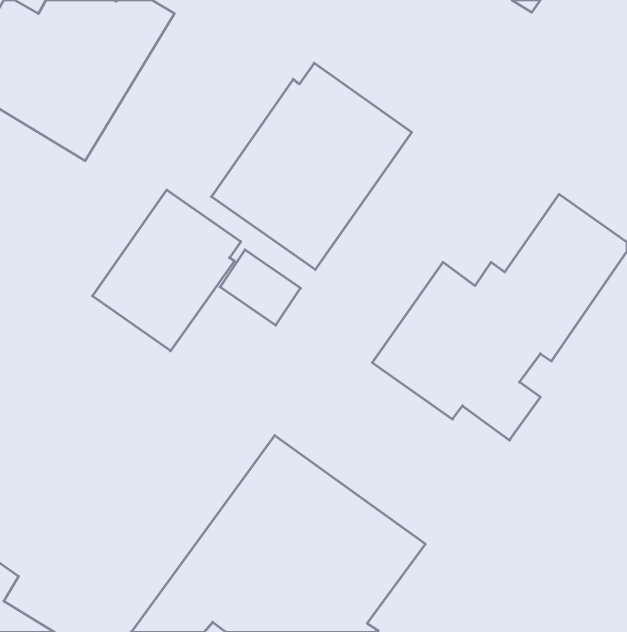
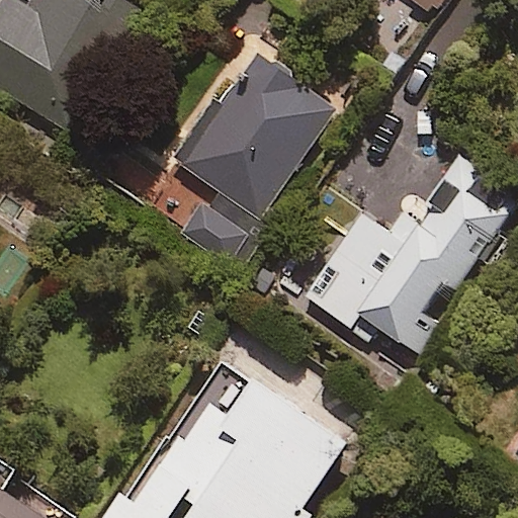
building: [92,190,241,351] -> none

